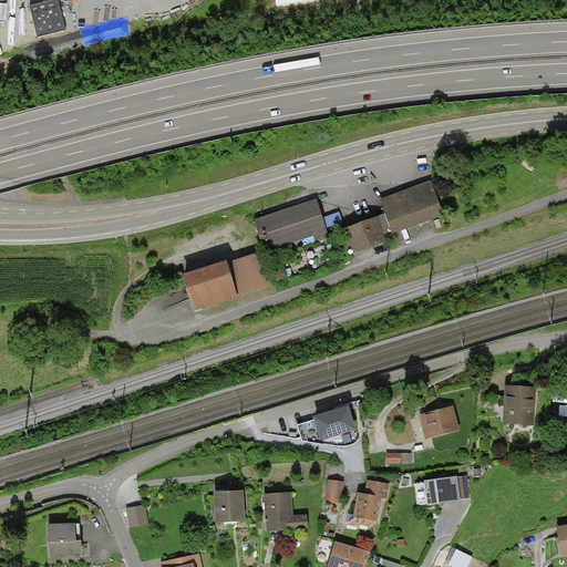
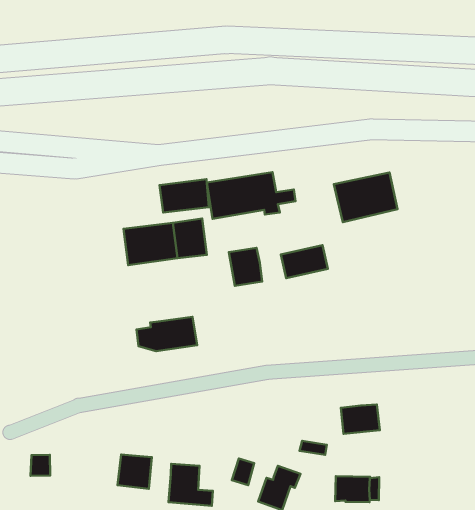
building: [343,213,391,250] -> [281,245,328,278]
building: none -> [159,179,209,213]
building: none -> [229,248,262,286]
building: [502,385,535,425] -> none
building: [297,403,358,442] -> [137,317,197,351]

